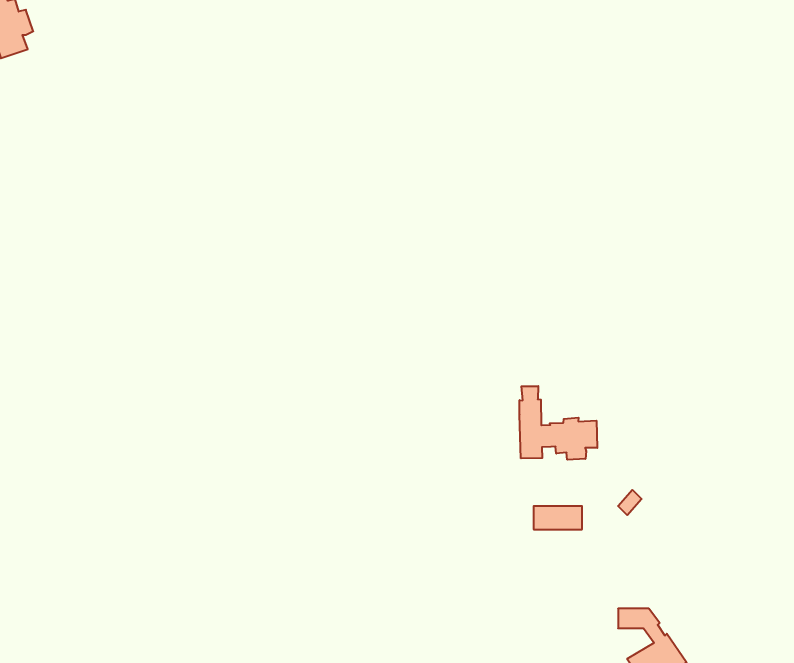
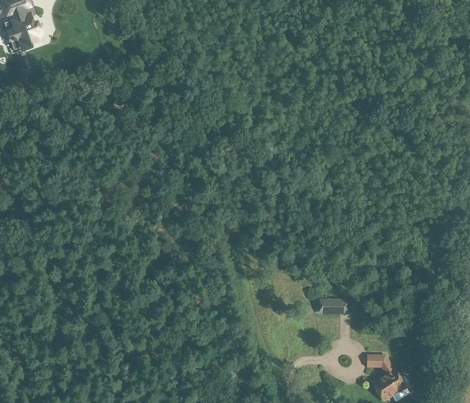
building: [520,386,597,460] -> none

